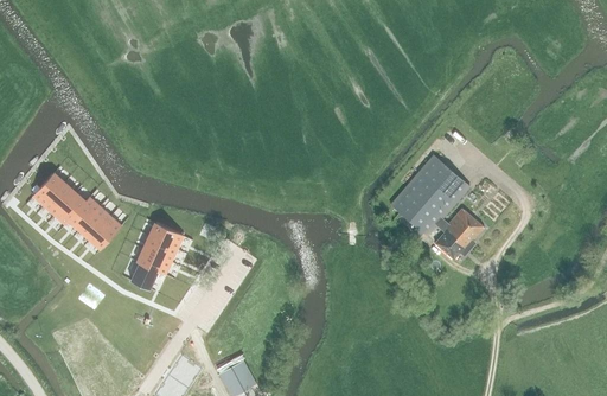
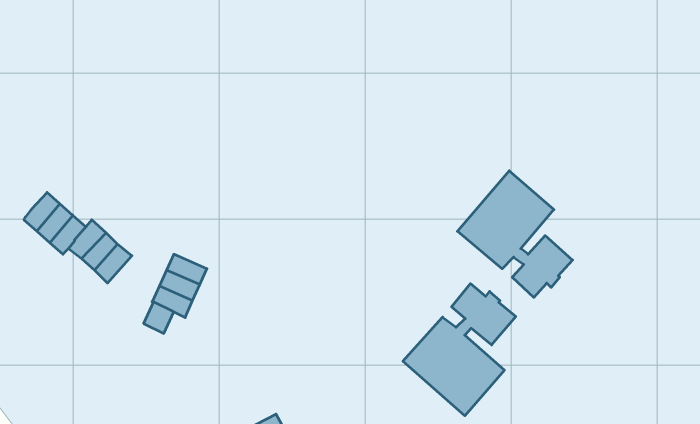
building: none -> [403,284,516,416]

